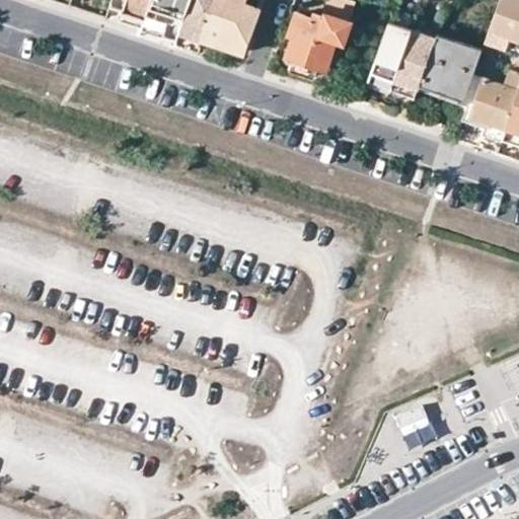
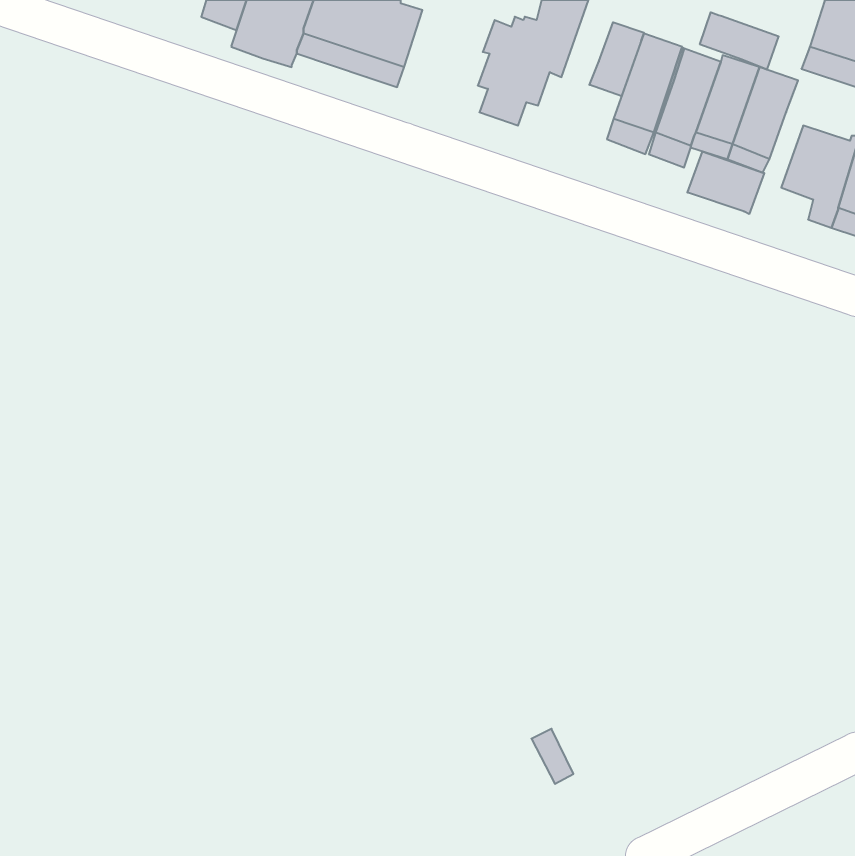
building: none -> [700,12,779,70]
building: none -> [589,22,644,96]
building: none -> [687,152,764,214]

